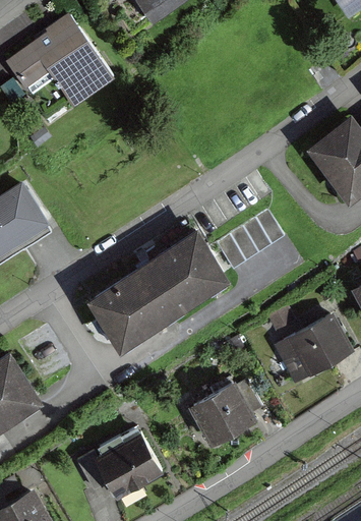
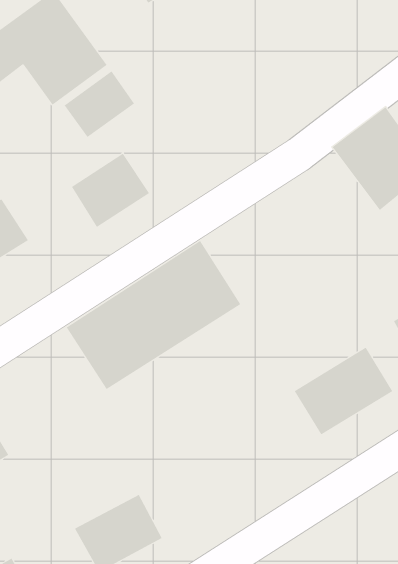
building: none -> [64,70,135,138]
building: none -> [71,153,150,228]
building: [188,384,253,445] -> none

